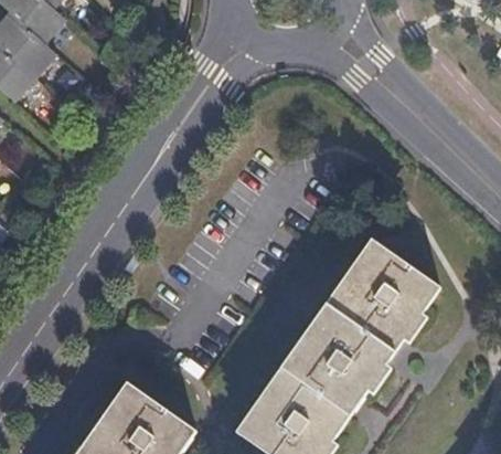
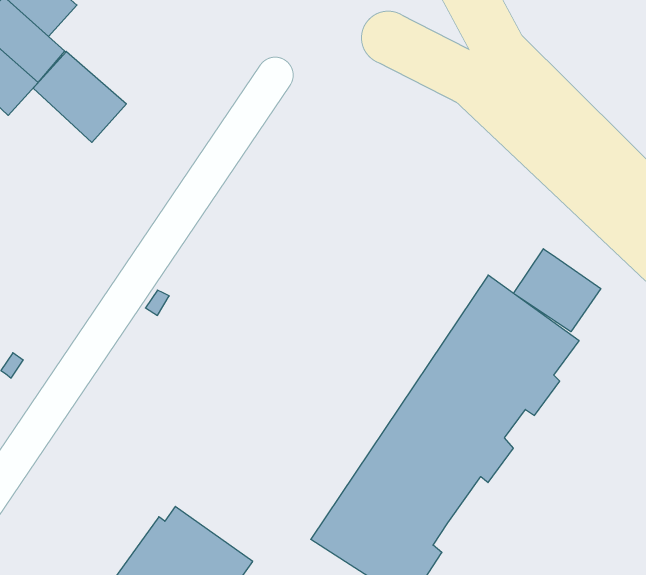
building: none -> [33,51,126,142]
building: none -> [514,249,601,332]

